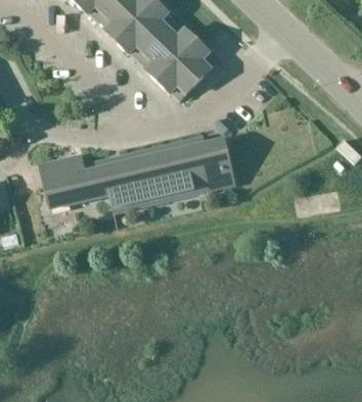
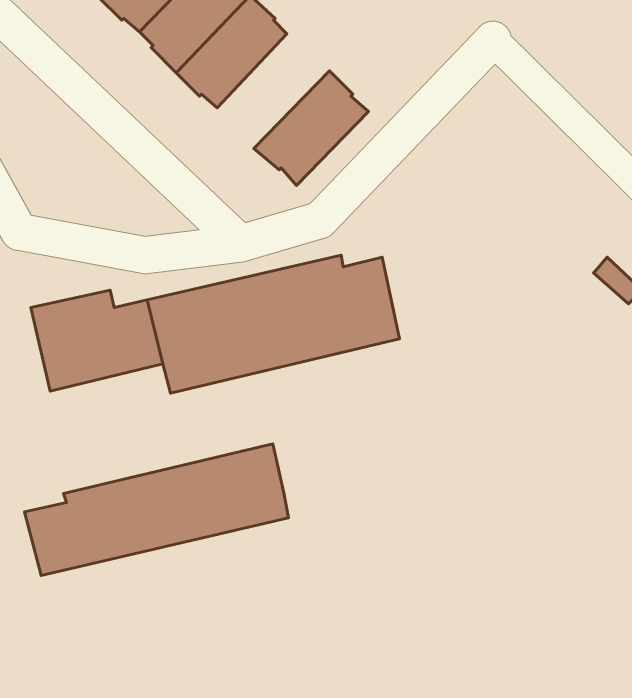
building: [137,20,196,81] -> none
building: none -> [24,444,289,575]

